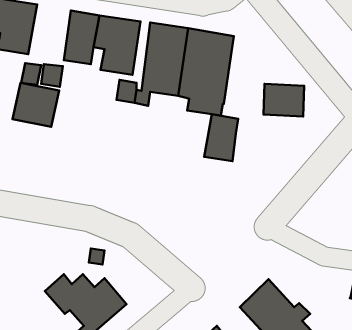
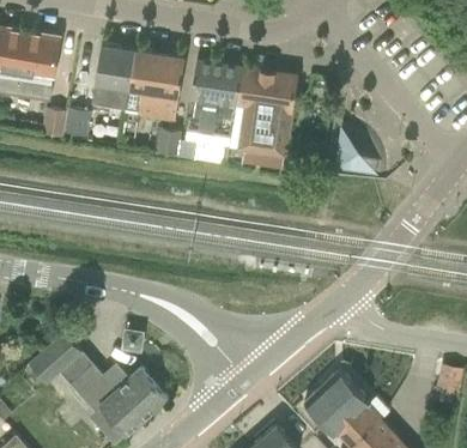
building: [13,83,59,127] -> none
building: [204,114,238,161] -> none
building: none -> [30,333,81,383]

